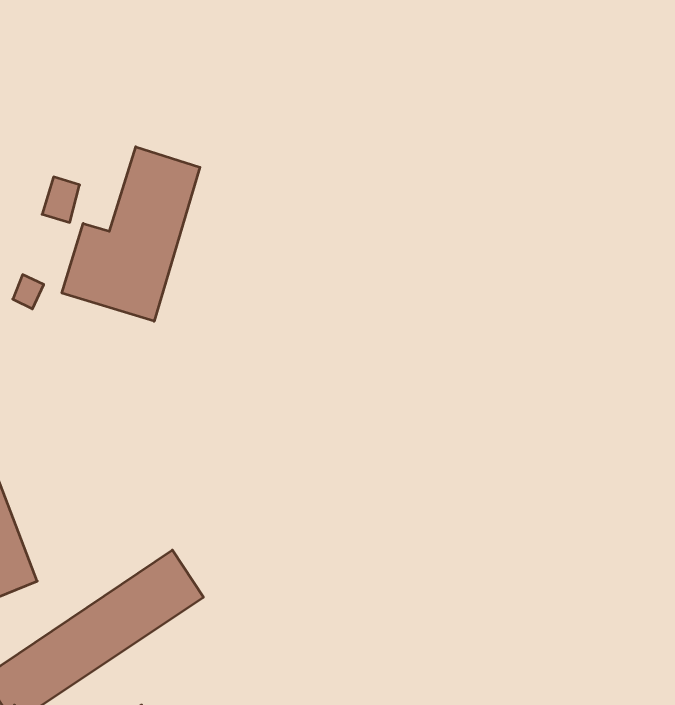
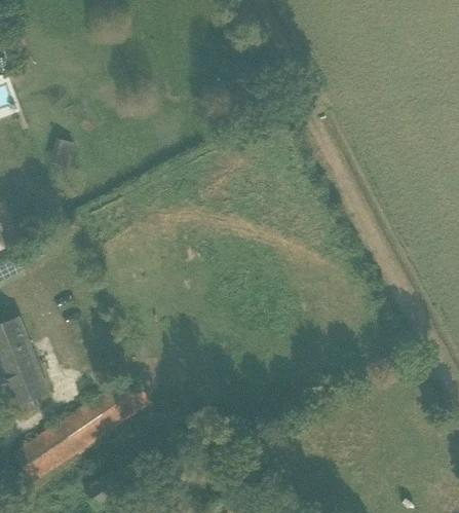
building: [62,147,200,321] -> none

